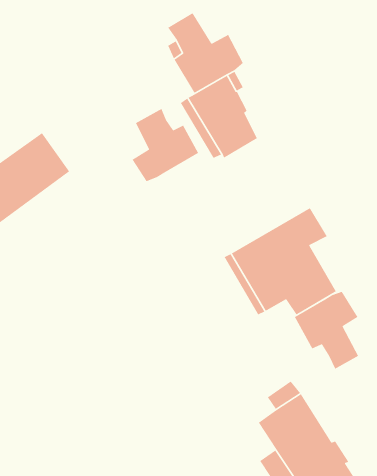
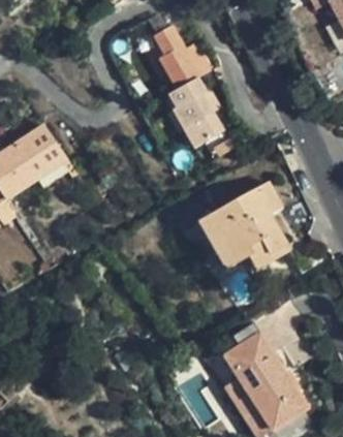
building: [131,108,199,182] -> none
building: [294,291,359,370] -> none

